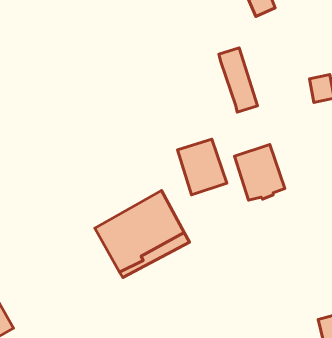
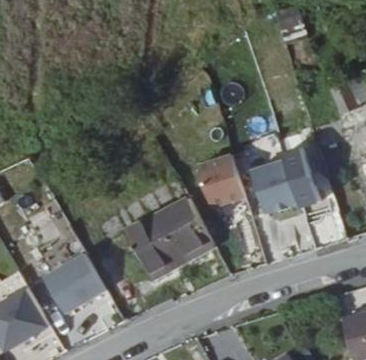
building: [219,48,257,112] -> [289,143,325,203]
building: none -> [49,258,110,318]

